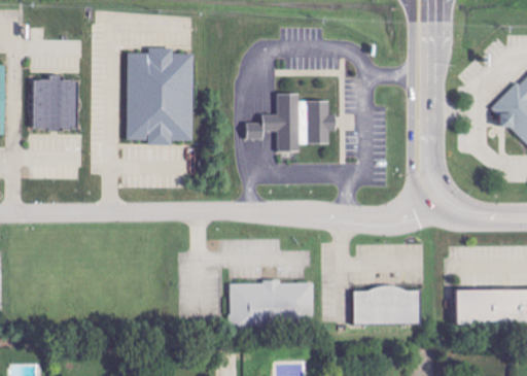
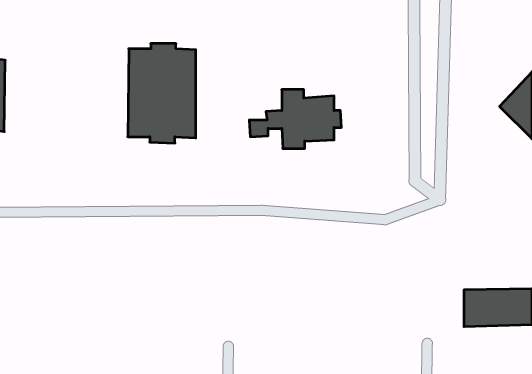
building: [32,74,77,128] -> none
building: [229,281,314,331] -> none
building: [354,287,420,322] -> none

